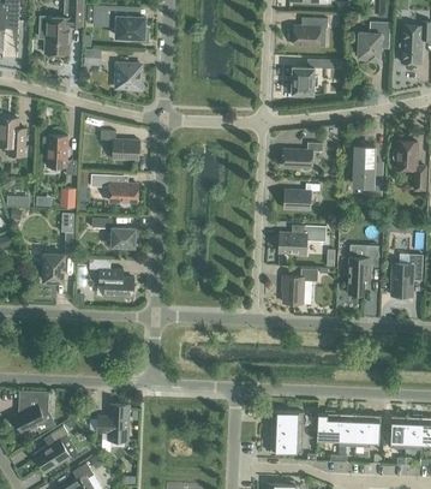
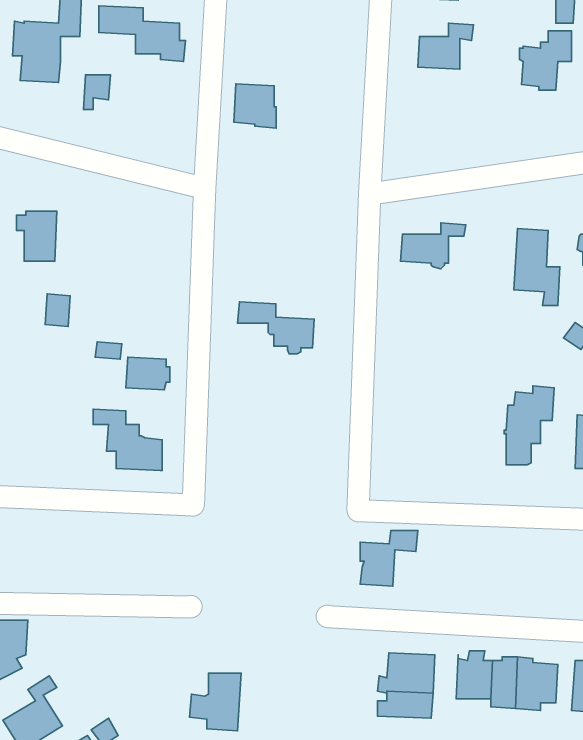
building: [114,62,140,90] -> [234,84,276,128]
building: [291,66,316,96] -> none
building: [100,130,138,160] -> none
building: [89,173,137,205] -> [237,302,314,354]
building: [283,183,318,209] -> none
building: [276,225,325,255] -> none
building: [42,254,62,281] -> none
building: [281,268,317,303] -> [360,531,418,586]
building: [96,404,128,440] -> [189,673,241,731]

